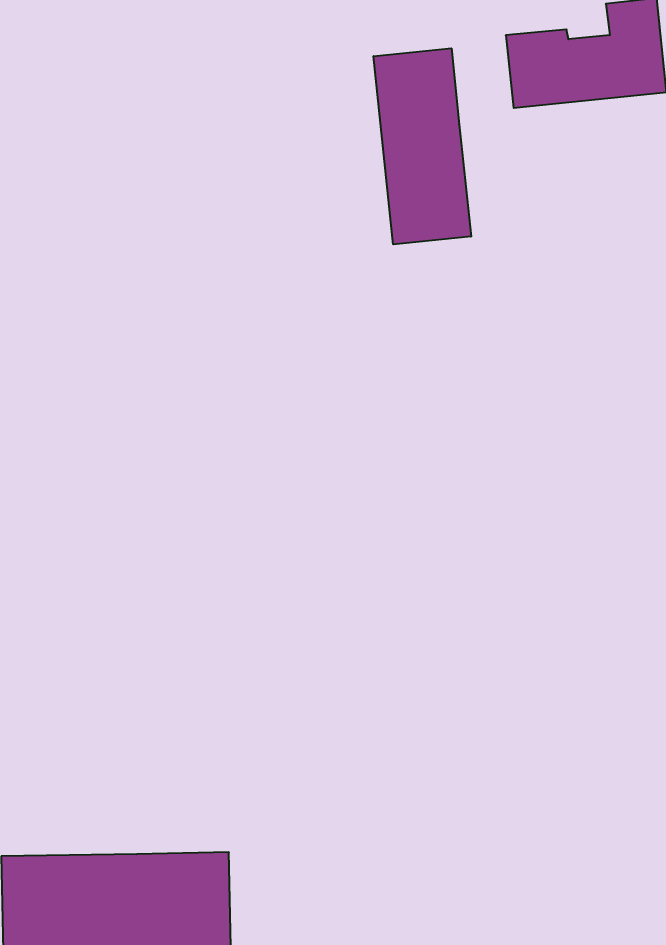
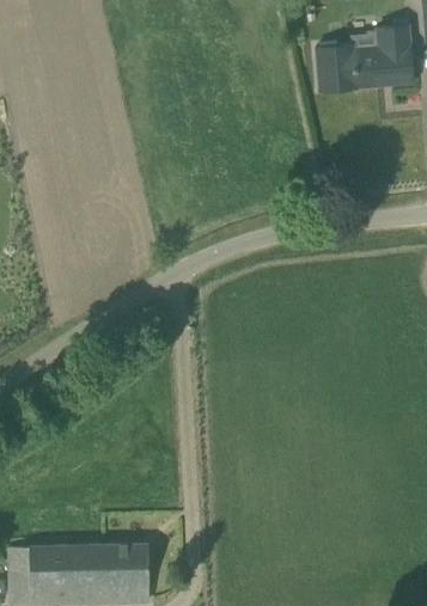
building: [374,48,471,244] -> none

